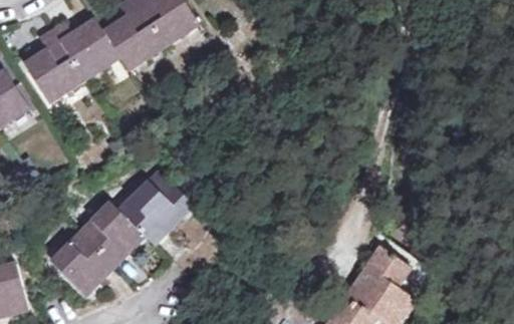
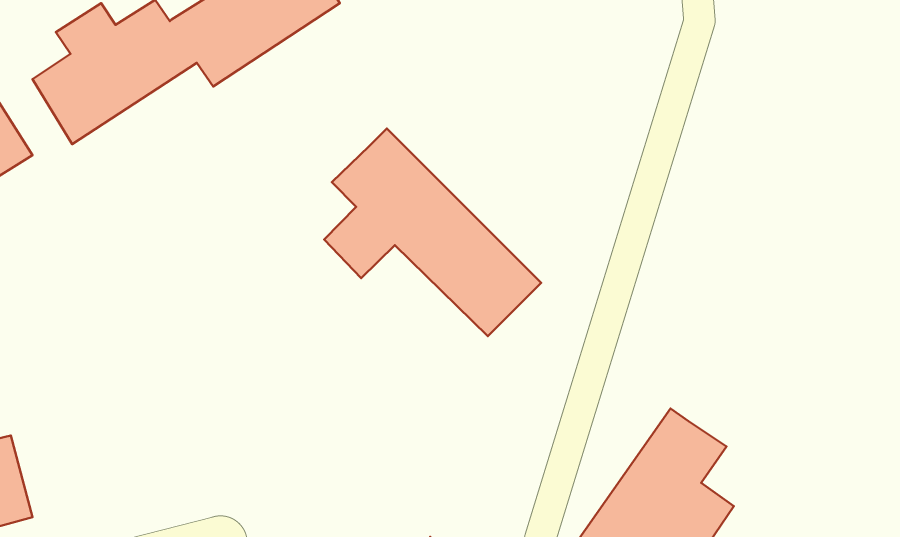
building: none -> [324,128,541,336]
building: [52,171,193,295] -> none

